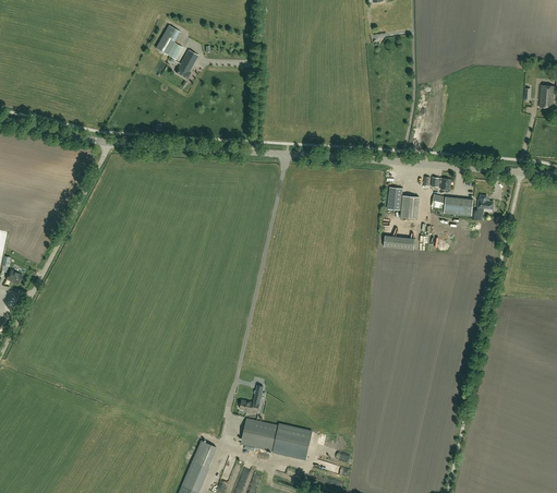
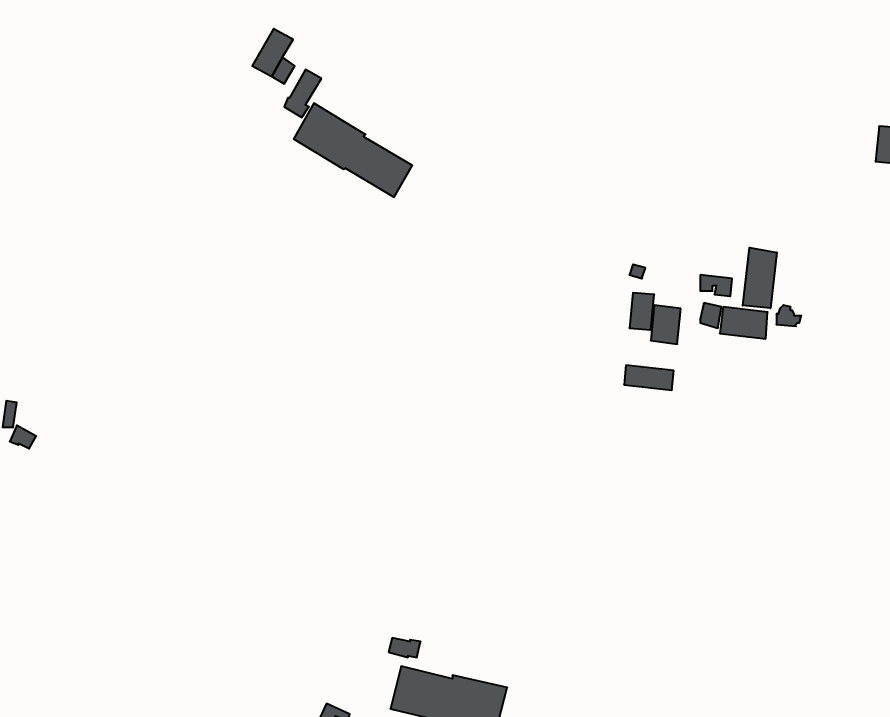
building: none -> [294,103,412,197]
building: none -> [743,248,777,308]

